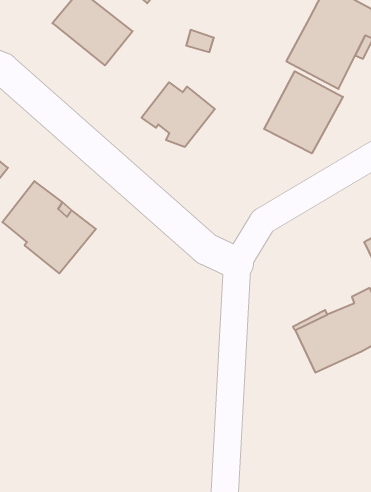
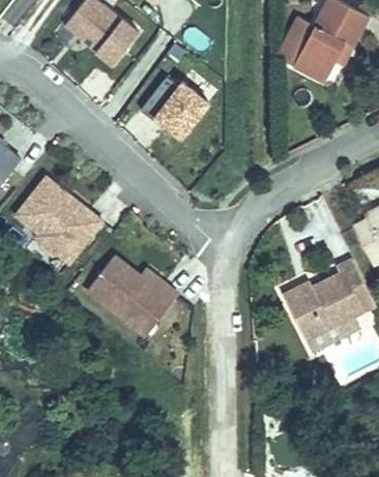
building: [264,71,343,153] -> none
building: none -> [86,250,176,330]

